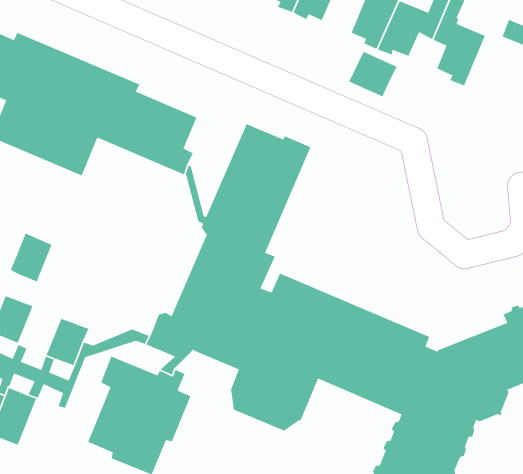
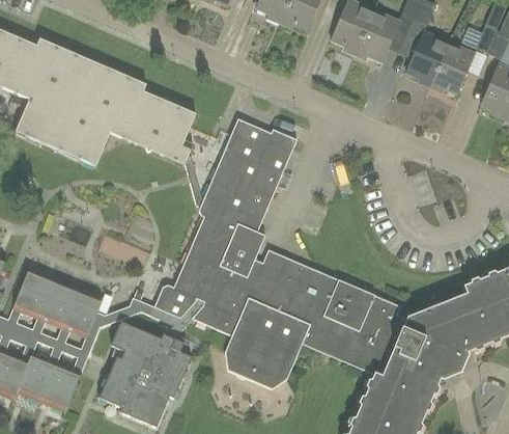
building: none -> [430,42,474,92]
building: [348,51,398,97] -> none
building: [10,233,52,282] -> [40,278,78,322]
building: none -> [40,359,82,411]

